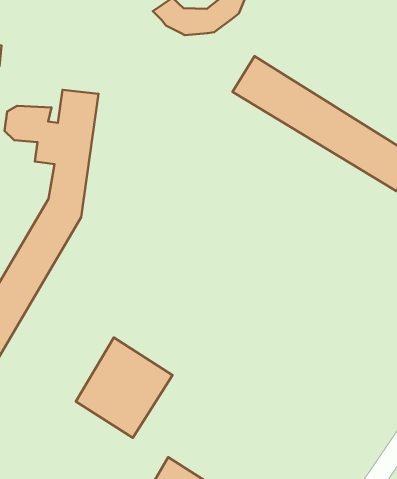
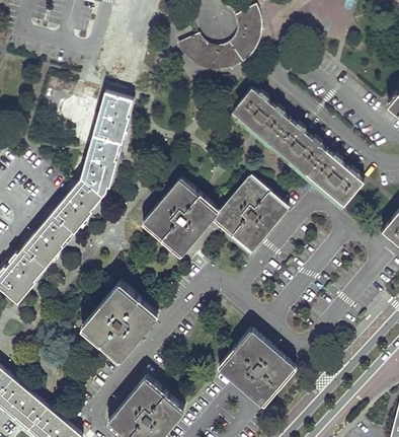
building: none -> [145,177,288,253]
building: none -> [220,332,295,406]

